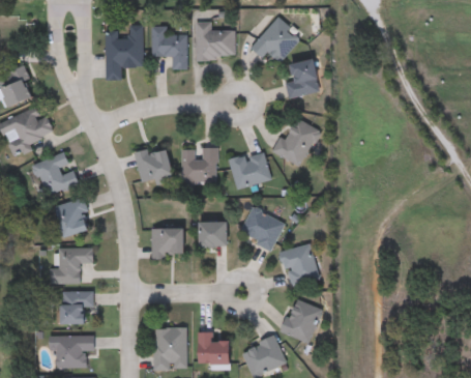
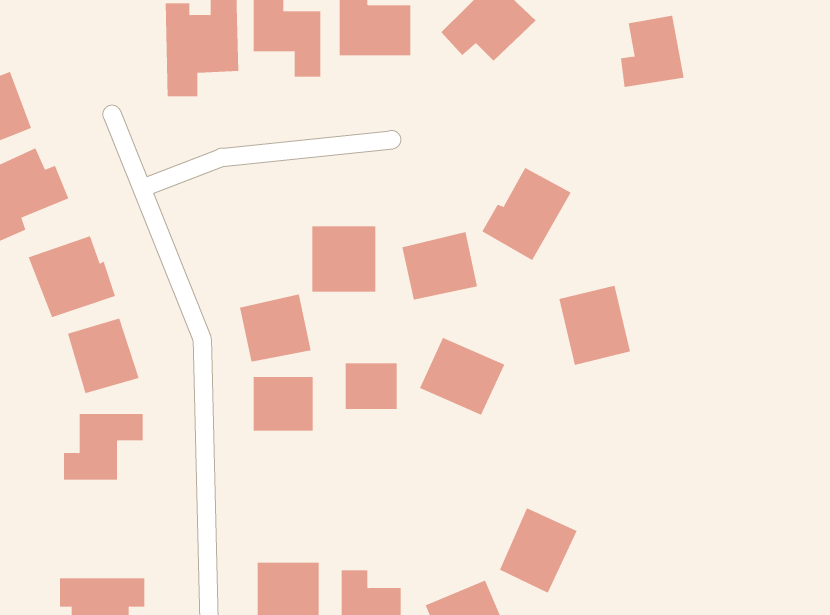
building: [286,59,320,97] -> [620,15,685,88]
building: [135,146,173,182] -> [239,294,311,362]
building: [281,243,319,286] -> [559,285,631,365]
building: [61,290,93,323] -> none

